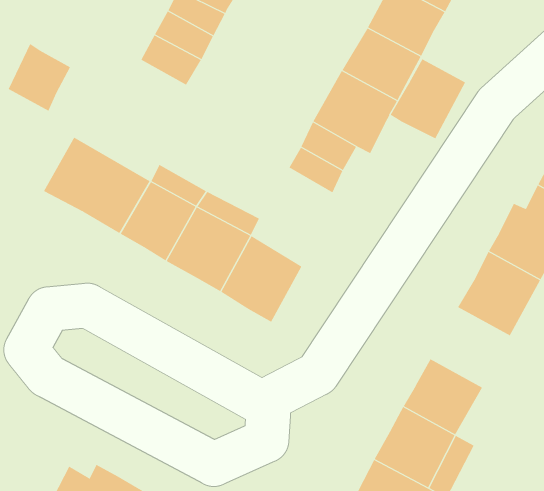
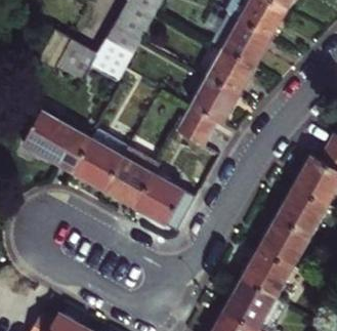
building: [8,43,71,111] -> [56,41,94,82]
building: [390,58,466,139] -> none
building: none -> [260,219,308,267]

